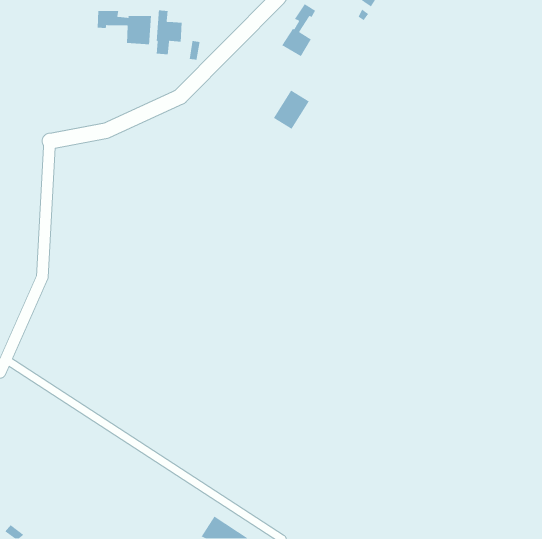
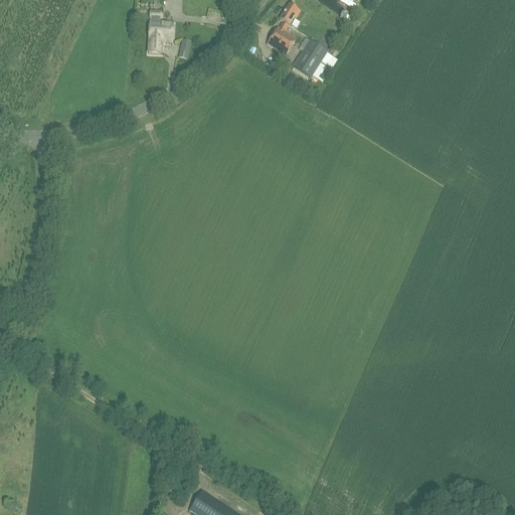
building: [97,10,152,45] -> none
building: [273,89,310,130] -> [293,38,328,76]

